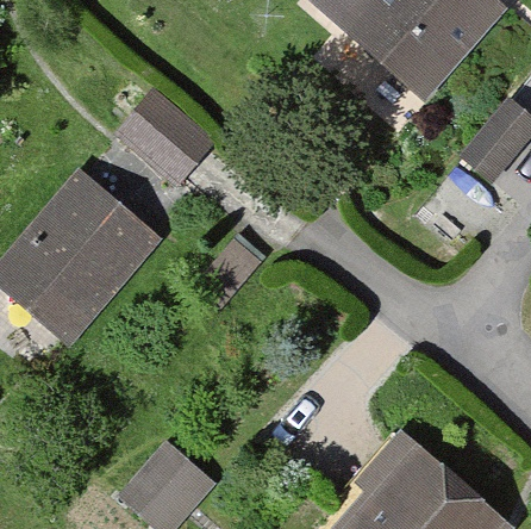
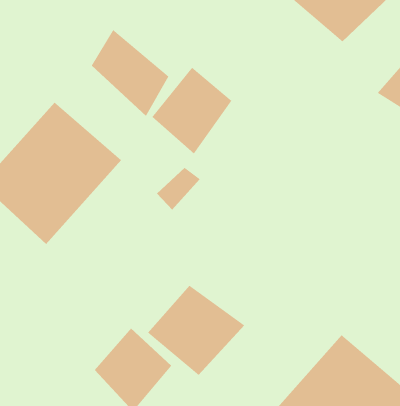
building: none -> [151,67,232,155]
building: none -> [147,285,245,376]

